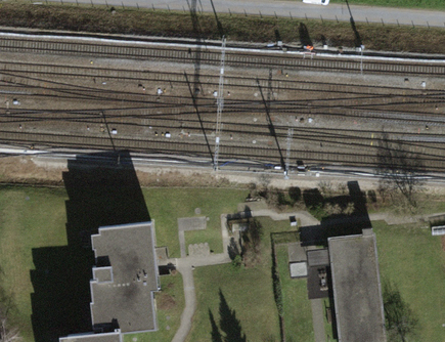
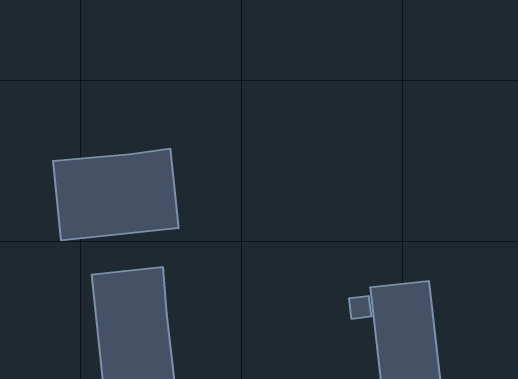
building: none -> [53,149,178,240]

